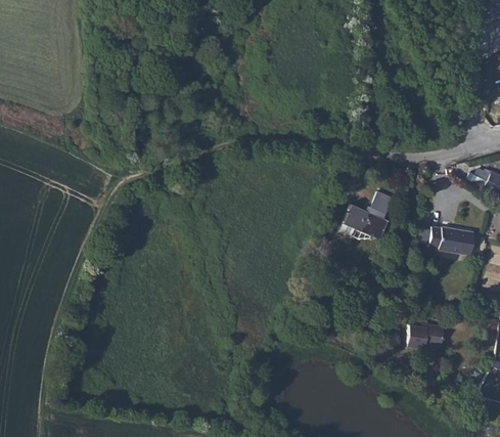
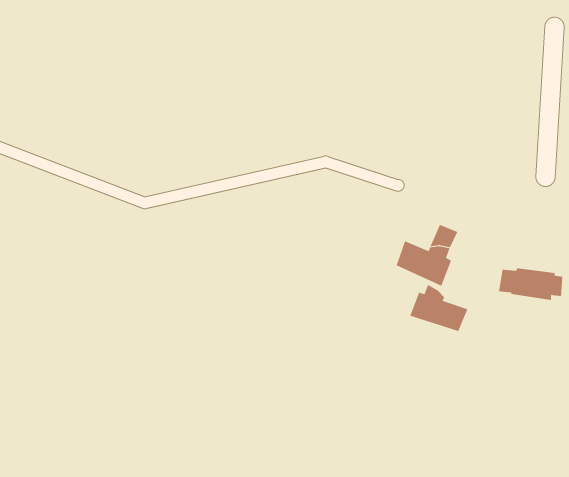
building: none -> [409,284,468,332]
building: [405,324,440,349] -> none

